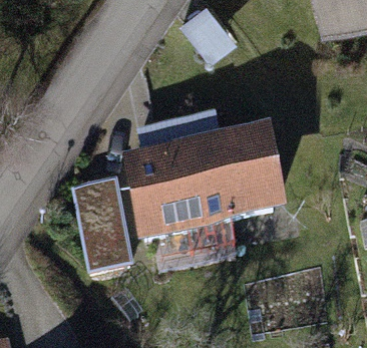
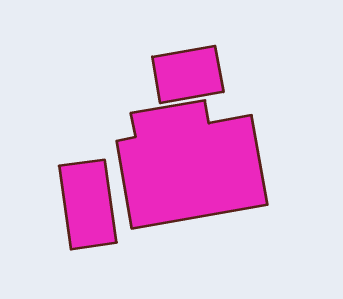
building: none -> [152,46,223,103]

